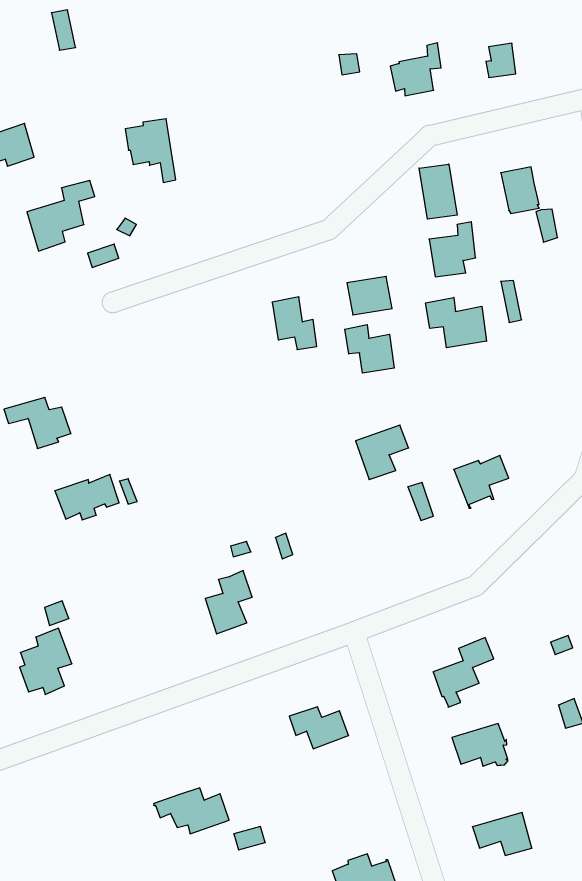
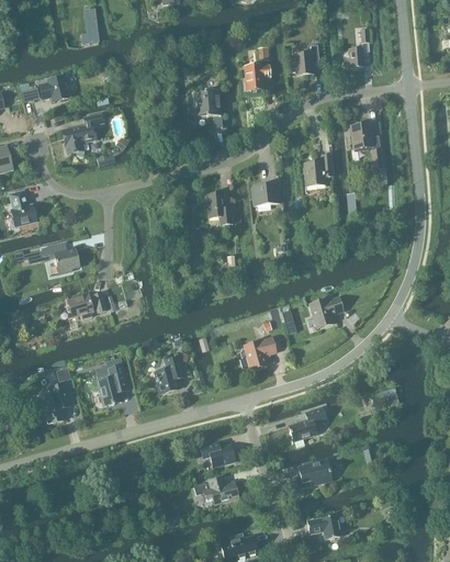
building: none -> [244,64,270,90]
building: [125,119,176,182] -> [193,89,222,127]
building: [419,164,457,219] -> none
building: [426,297,486,348] -> none
building: [345,325,394,373] -> none
building: [356,425,409,480] -> [244,337,275,369]
building: none -> [95,358,125,405]
building: [154,788,229,834] -> [193,476,238,504]

